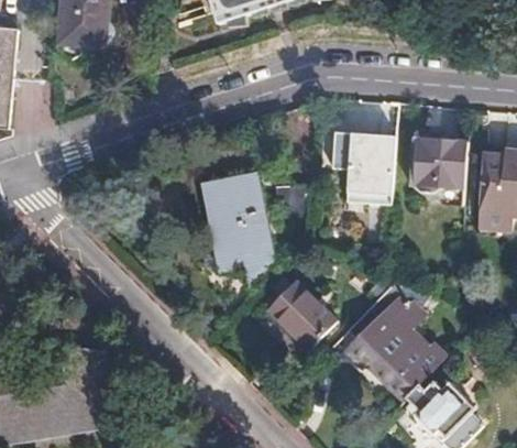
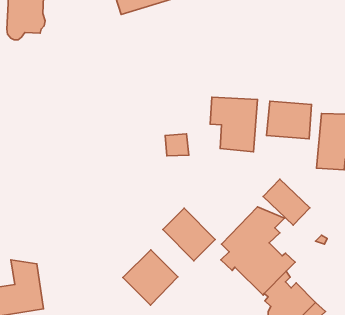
building: [204,173,273,283] -> none
building: none -> [263,179,310,225]
building: none -> [123,250,178,305]

